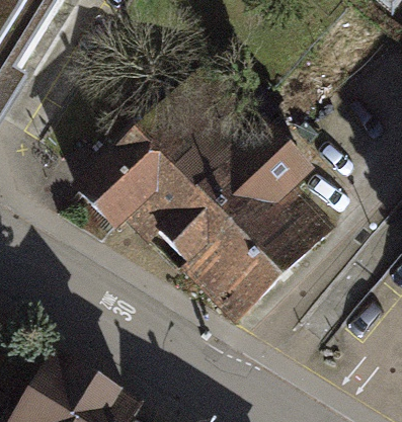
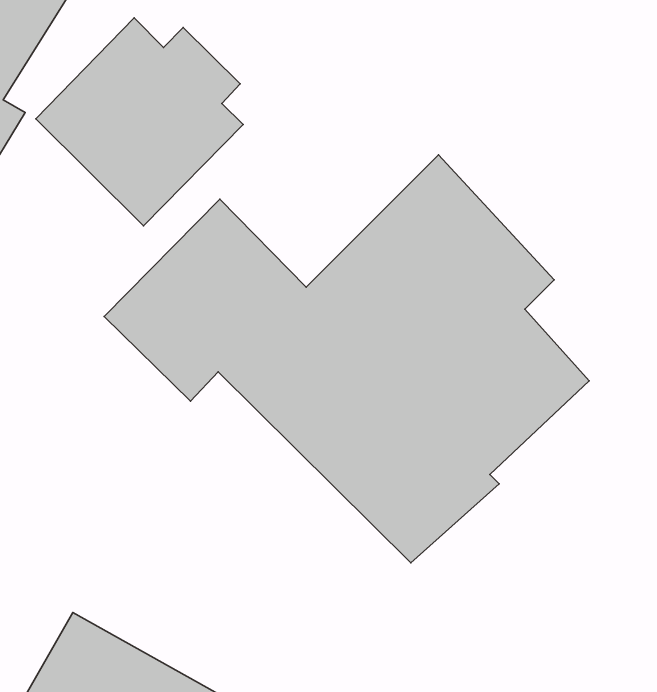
building: none -> [36,18,243,226]

